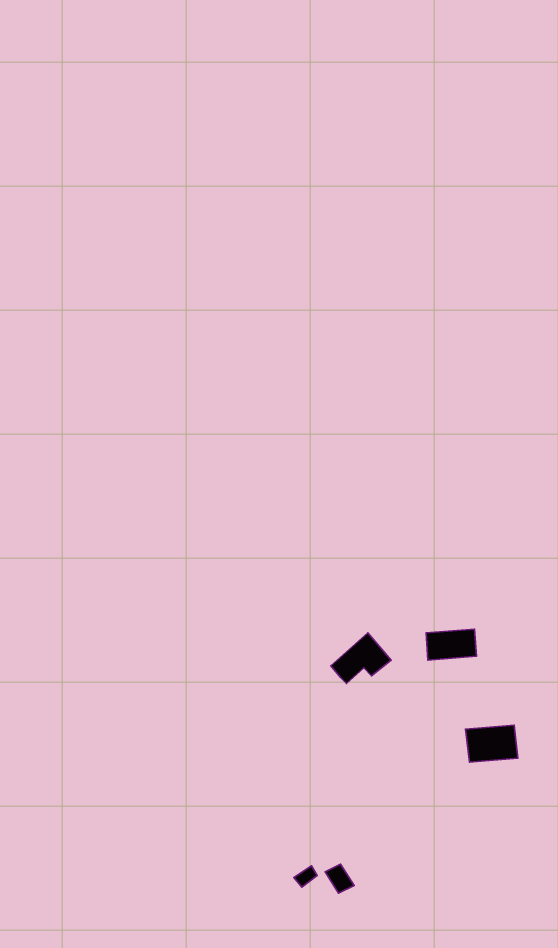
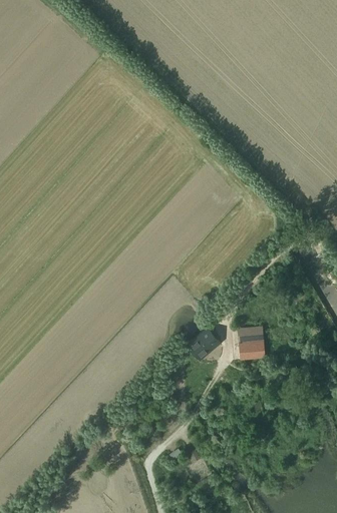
building: [466,725,518,762] -> [239,342,266,361]

